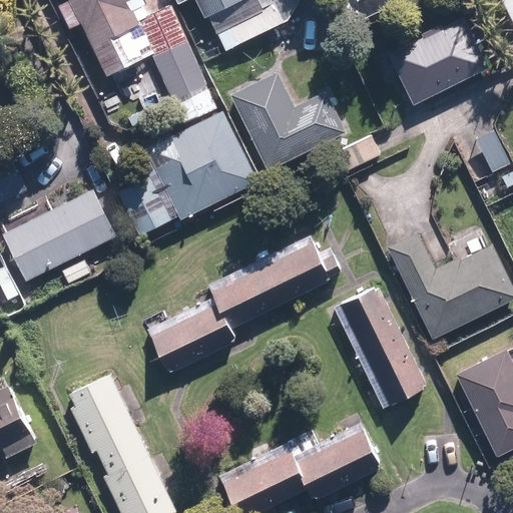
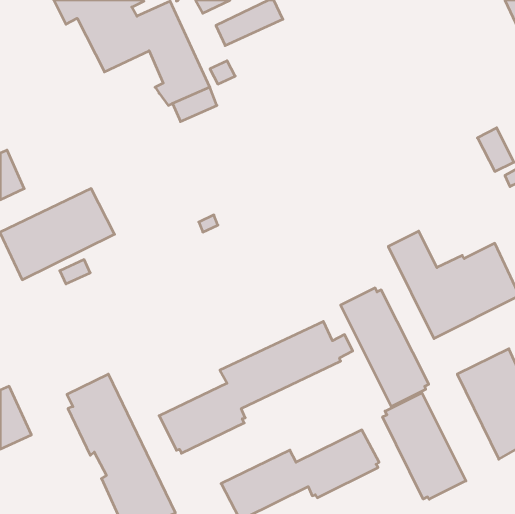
building: [388,16,489,104] -> none
building: [229,71,346,171] -> none
building: [117,111,256,236] -> none
building: [150,242,342,373] -> [159,321,353,453]
building: none -> [383,393,466,499]

